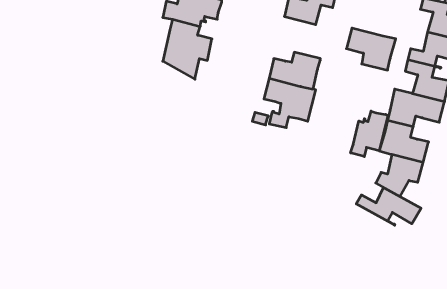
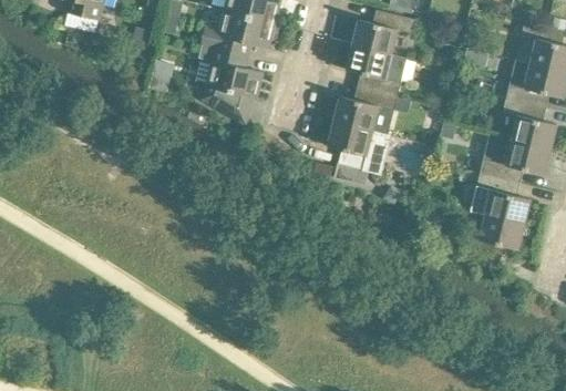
building: [346,28,396,70] -> [346,44,407,96]
building: [351,111,388,157] -> none
building: [356,188,421,225] -> none

